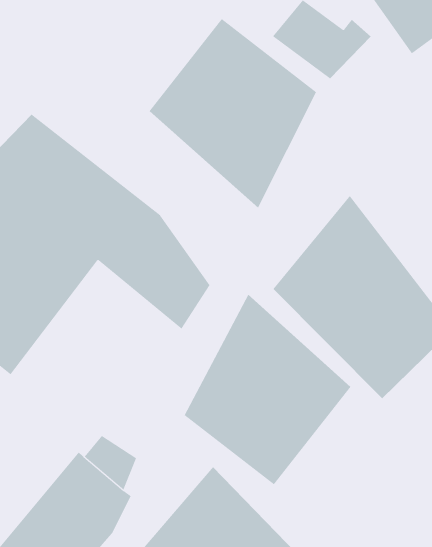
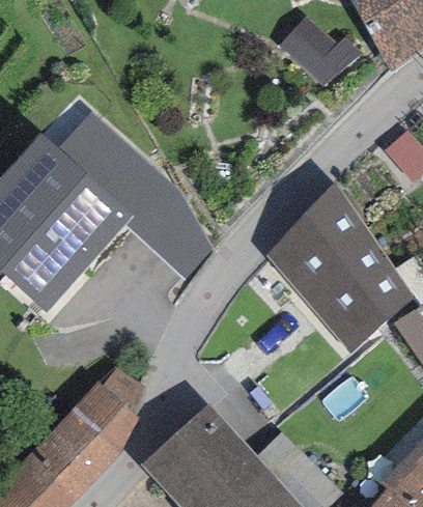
building: [149,18,317,208] -> none
building: [184,294,351,485] -> none

